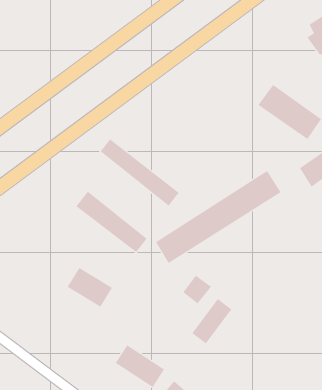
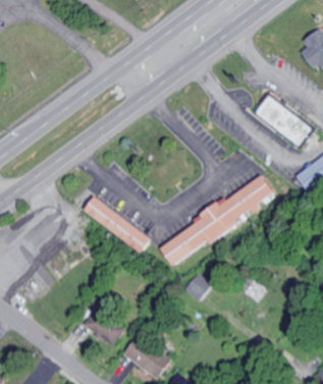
building: [100,139,180,206] -> none
building: [67,267,113,307] -> [80,308,123,345]
building: [191,298,232,344] -> none

